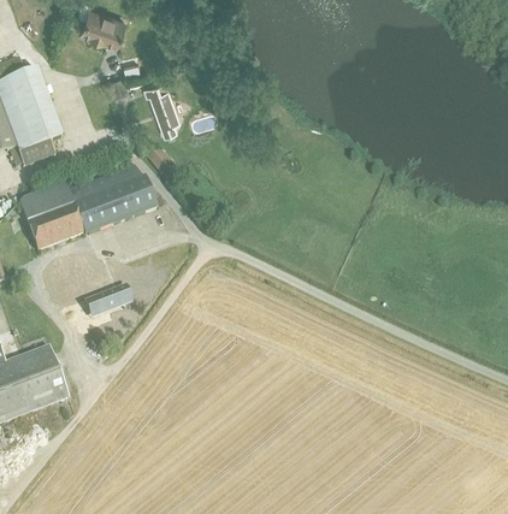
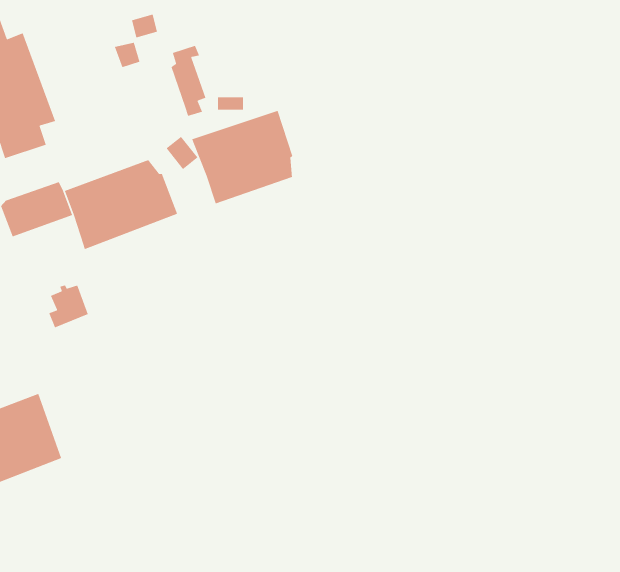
building: none -> [191,110,293,204]
building: [29,207,83,248] -> none
building: [84,285,120,314] -> none

